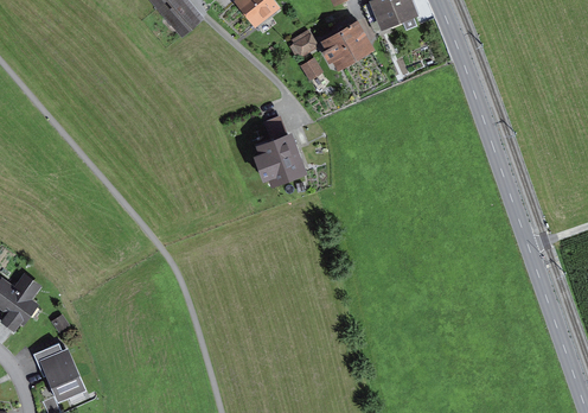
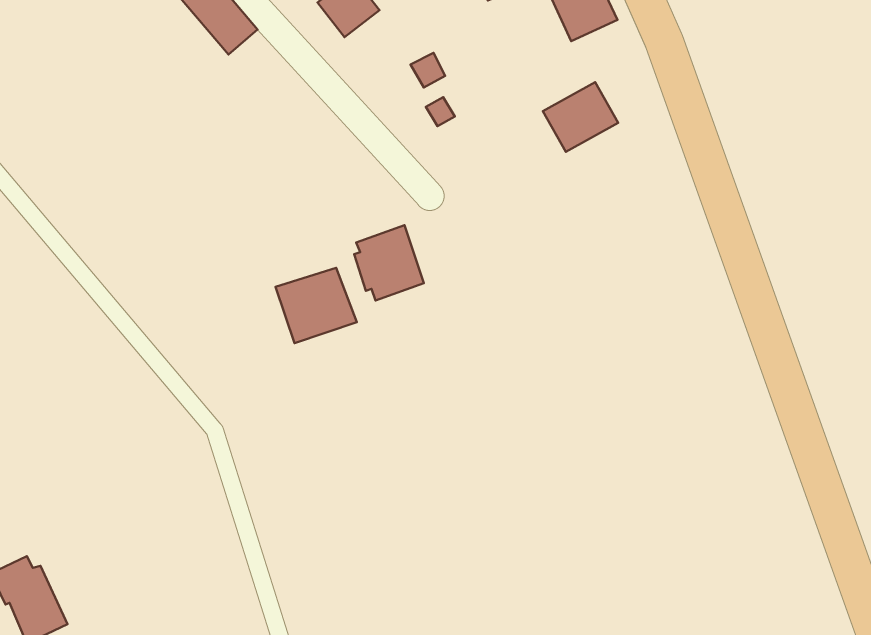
building: [322,26,369,69] -> [543,82,618,152]
building: none -> [276,268,357,343]

